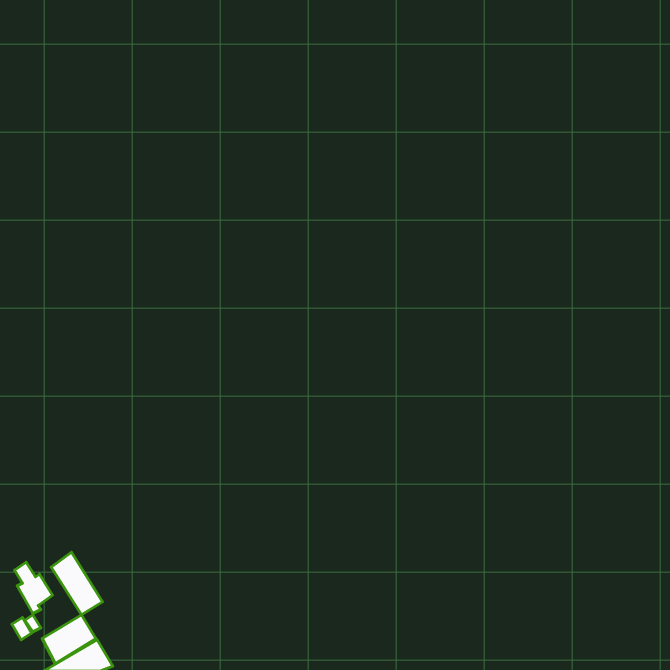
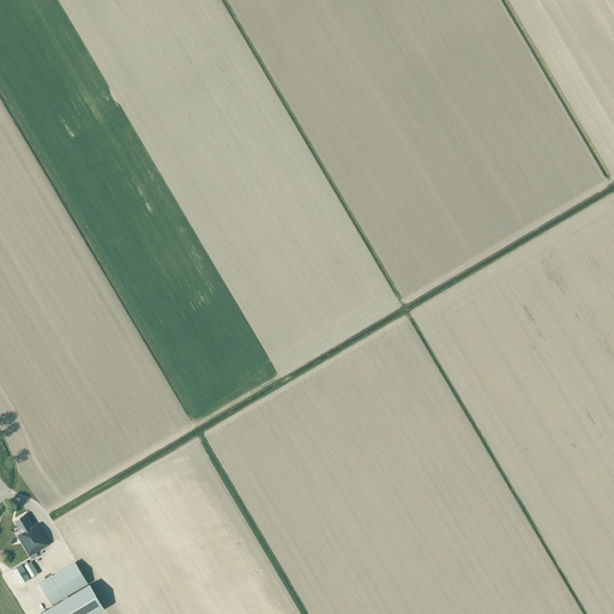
building: [51,552,102,615] -> none

